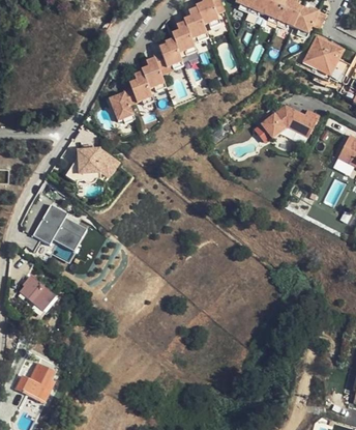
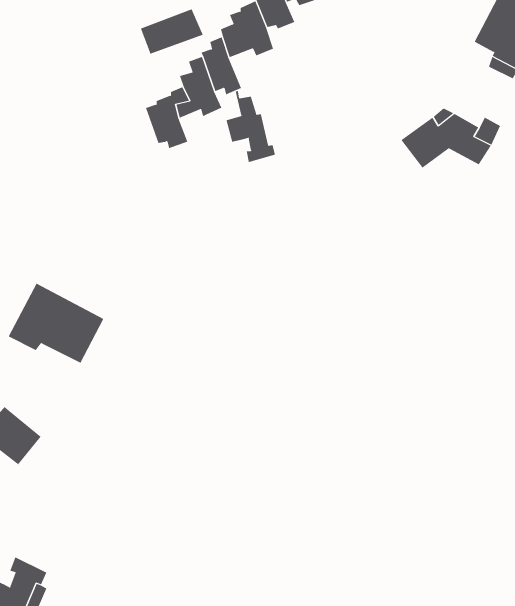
building: none -> [140,9,204,54]
building: none -> [226,90,275,163]
building: [76,146,116,174] -> none

